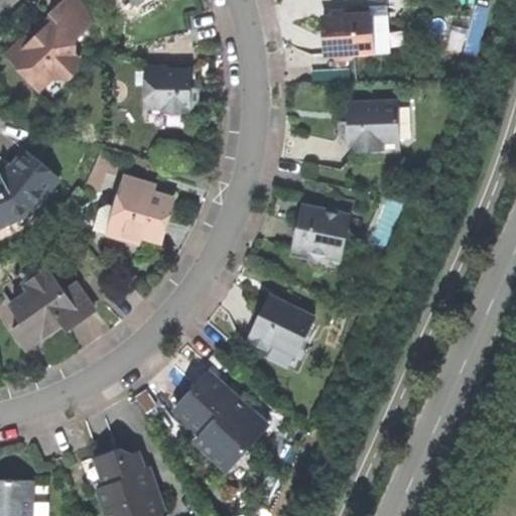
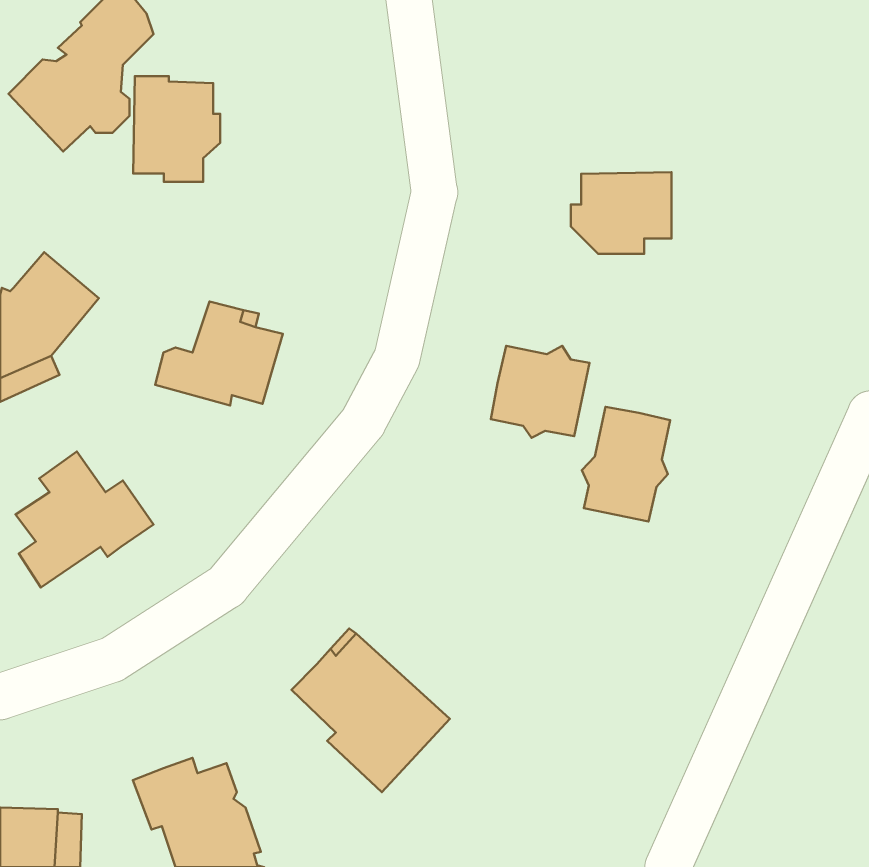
building: [322,11,387,57] -> none
building: [143,66,195,128] -> [133,76,220,182]
building: none -> [582,407,670,522]
building: [245,295,312,355] -> none

